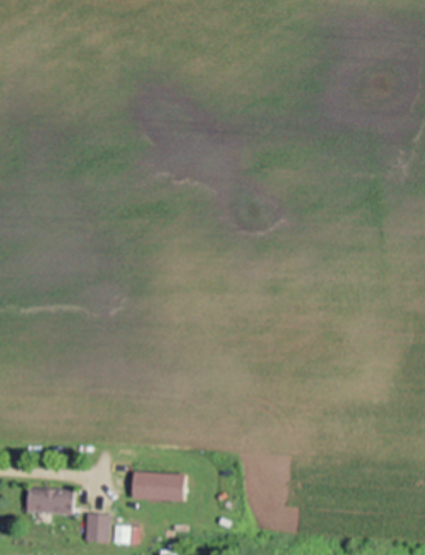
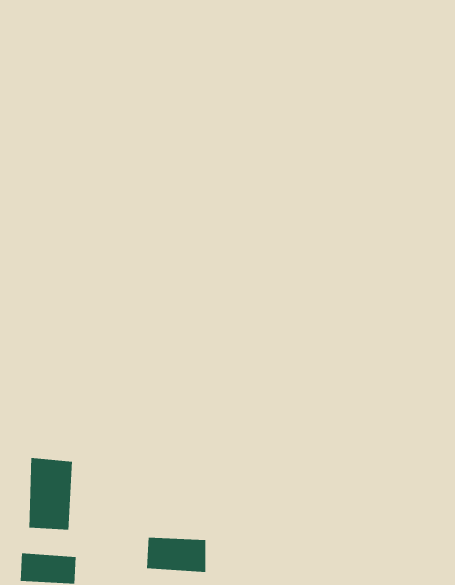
building: none -> [29,457,72,530]

